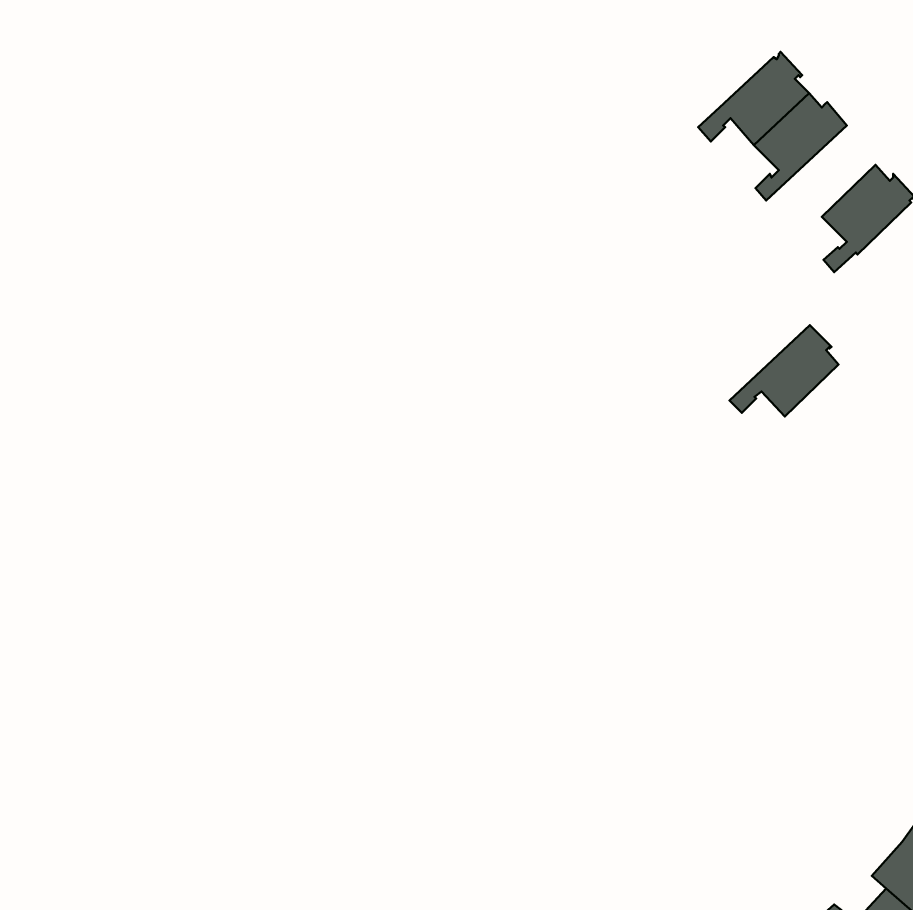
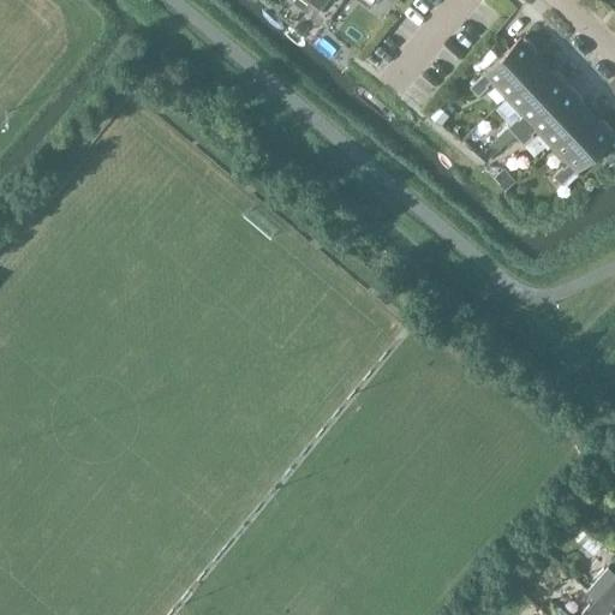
building: [729,325,839,417] -> [515,88,589,149]

